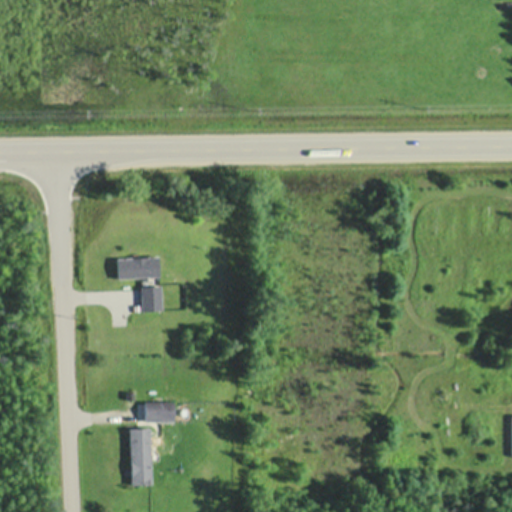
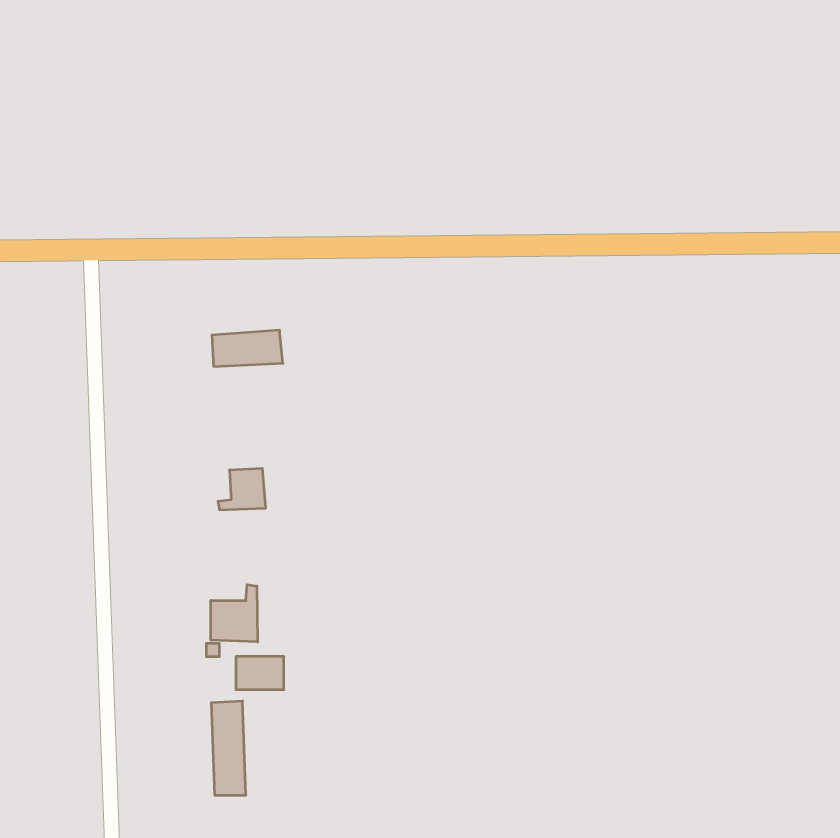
building: [117,257,160,279] -> [212,330,283,366]
building: none -> [211,585,258,642]

